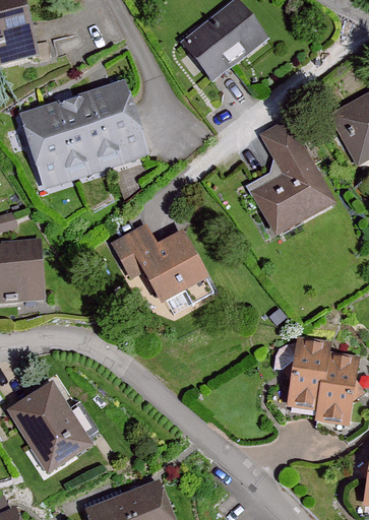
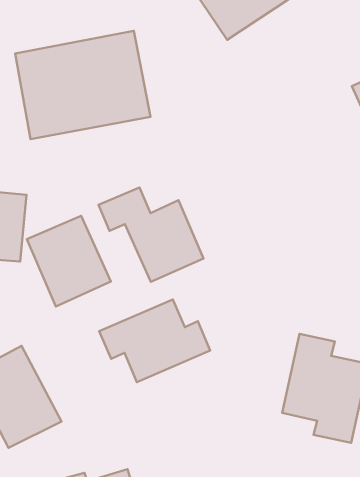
building: [247,121,331,236] -> none
building: none -> [27,216,111,306]
building: none -> [99,300,210,382]

